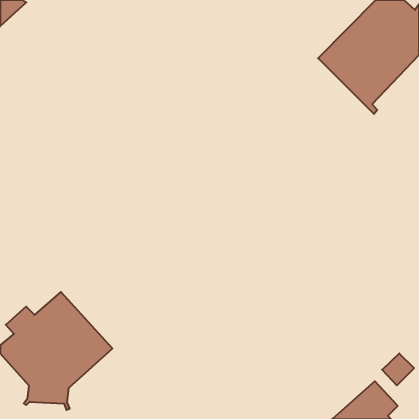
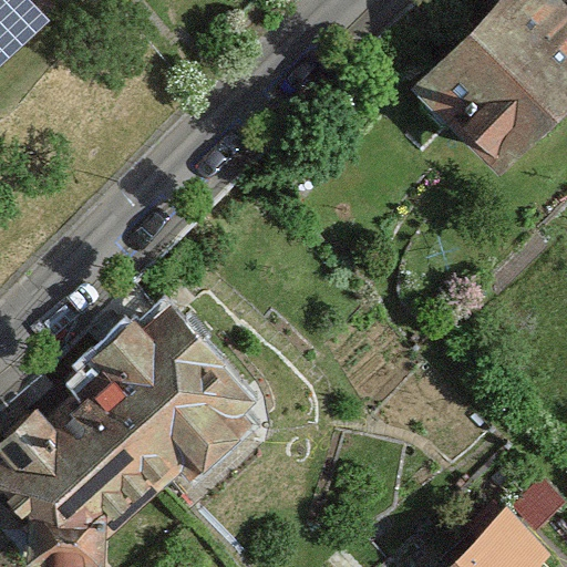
building: none -> [82,316,238,471]

